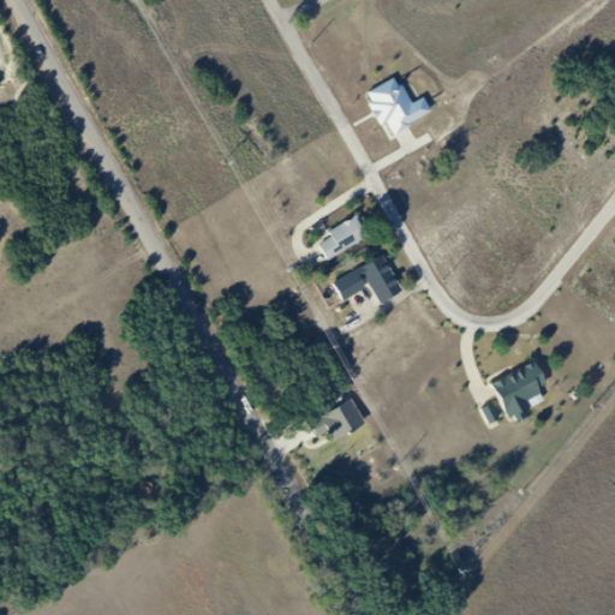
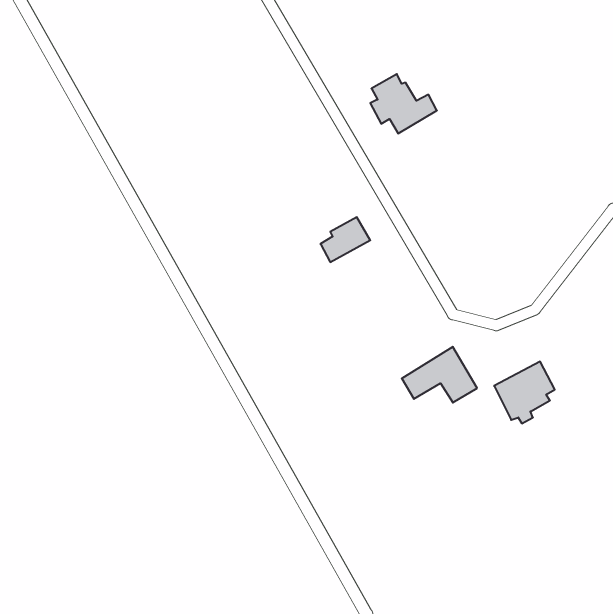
building: [329,249,404,304] -> [402,347,477,403]
building: [316,396,365,443] -> none

